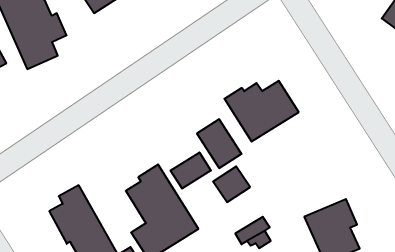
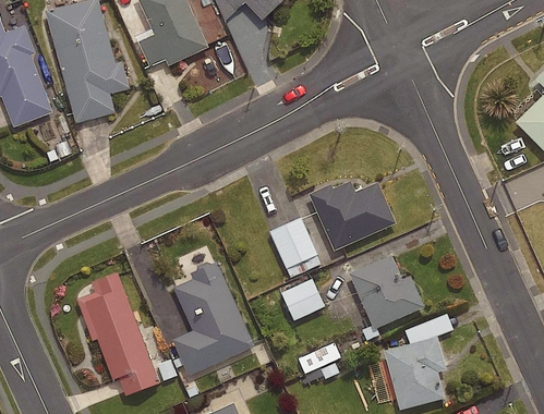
building: none -> [350,254,424,328]
building: [171,152,211,189] -> none

